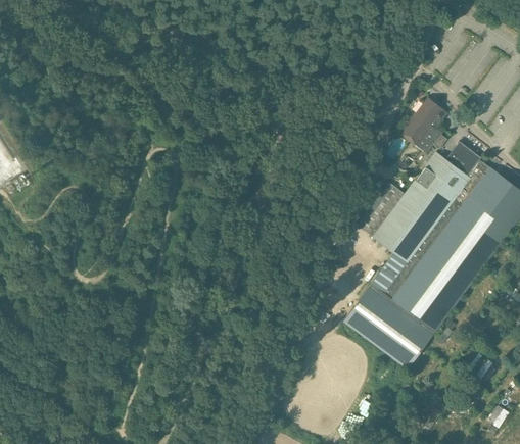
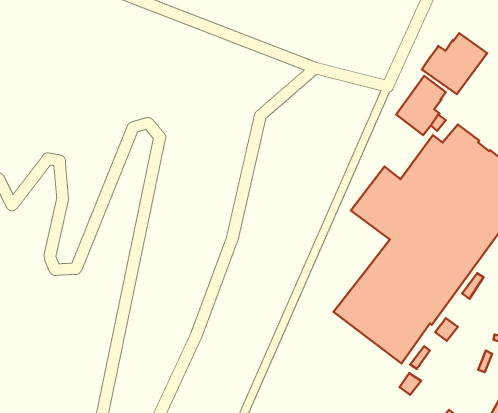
building: none -> [422,33,487,94]

